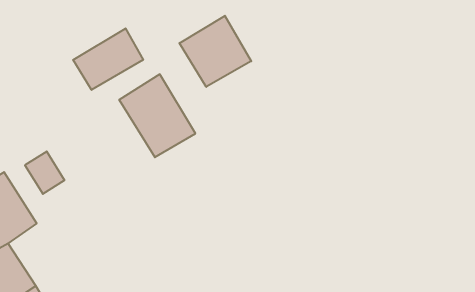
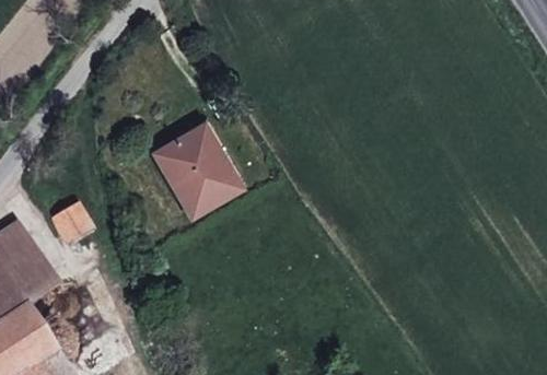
building: [179,16,251,87] -> none
building: [73,28,143,90] -> none

